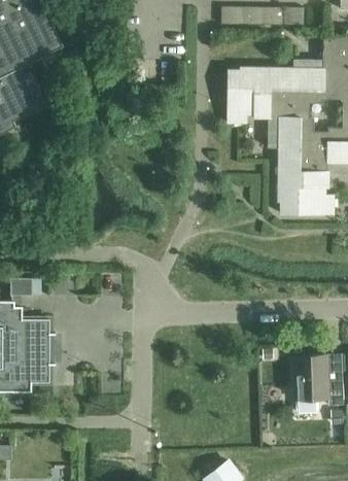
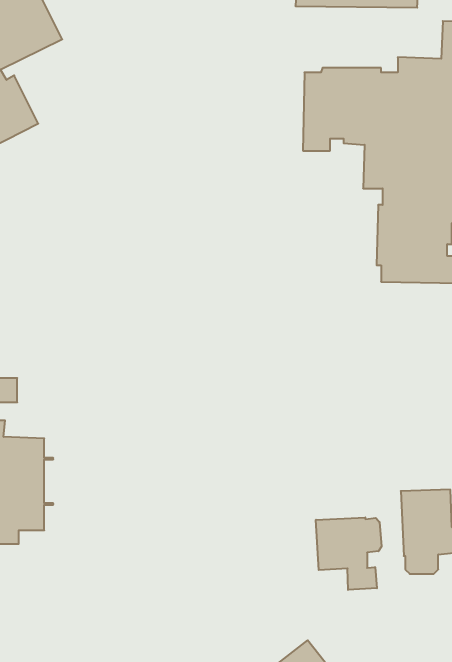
building: none -> [316,517,382,590]

